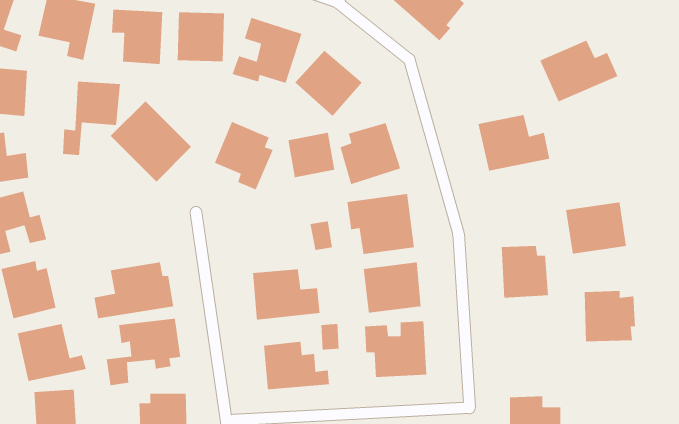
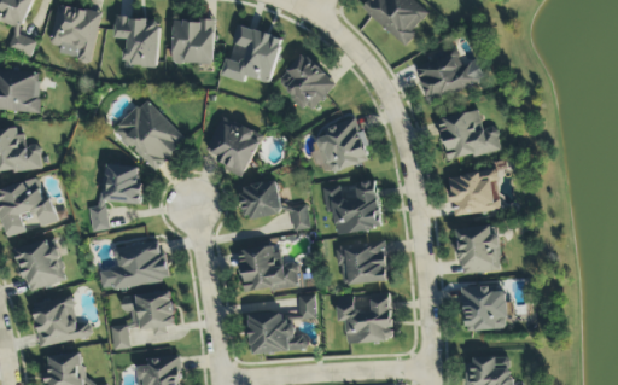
building: [539,40,618,102] -> [413,47,483,103]
building: [62,81,121,156] -> [89,163,141,229]
building: [287,132,335,178] -> [239,179,281,220]
building: [565,201,627,255] -> [447,168,501,215]
building: [584,290,636,342] -> [461,284,507,329]

